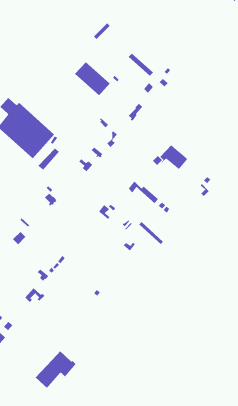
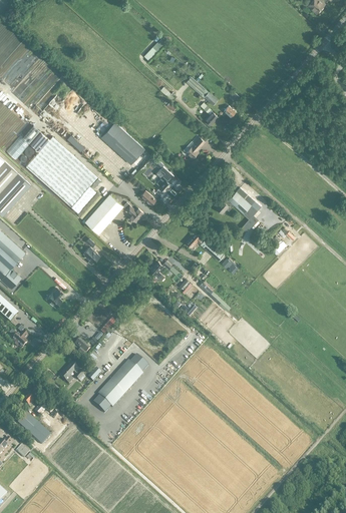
building: [74,61,110,97] -> [100,121,144,164]
building: none -> [84,193,122,233]
building: [35,350,76,389] -> [96,361,147,408]

